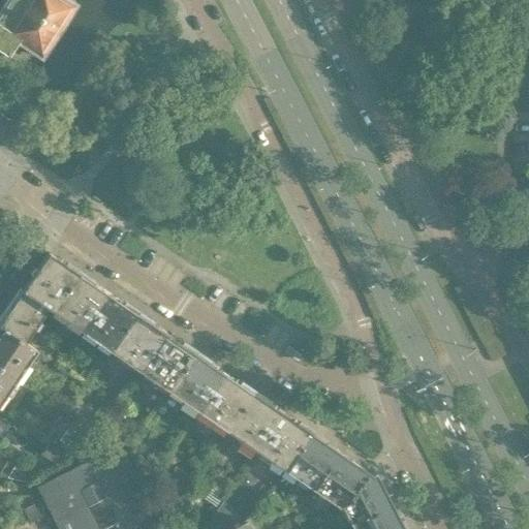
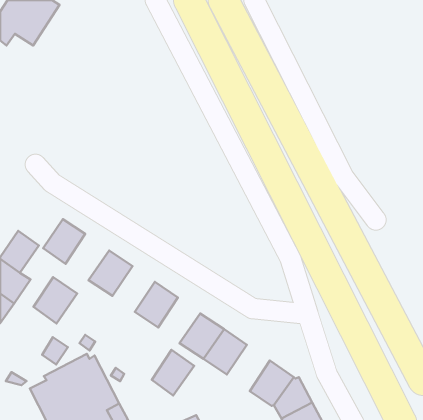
building: [23,255,79,313] -> none
building: [82,295,136,353] -> [33,277,77,323]
building: [141,336,193,393] -> none
building: [197,375,250,432] -> [152,350,194,395]
building: [283,434,337,492] -> none

